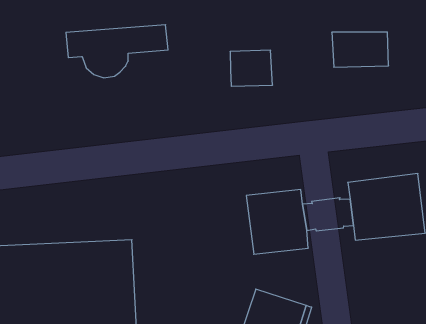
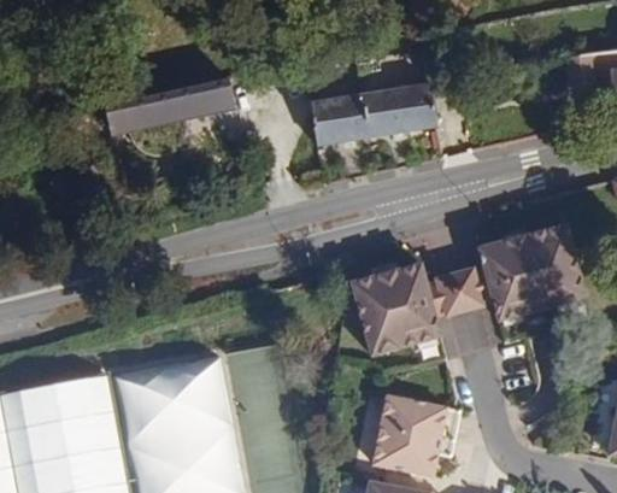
building: [332,32,389,67] -> [360,84,437,137]

